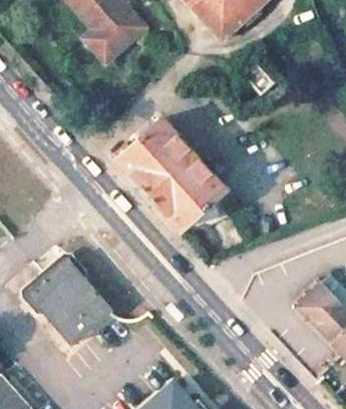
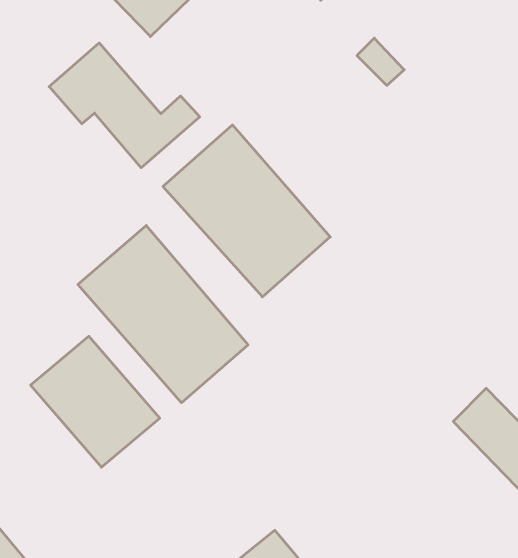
building: none -> [49,43,200,168]
building: none -> [78,225,248,403]

